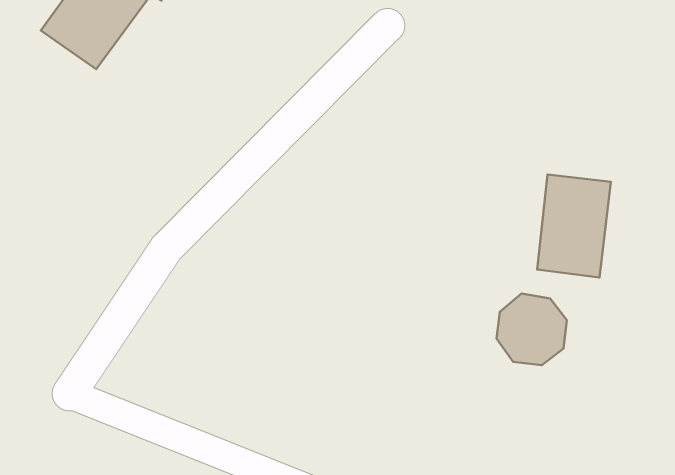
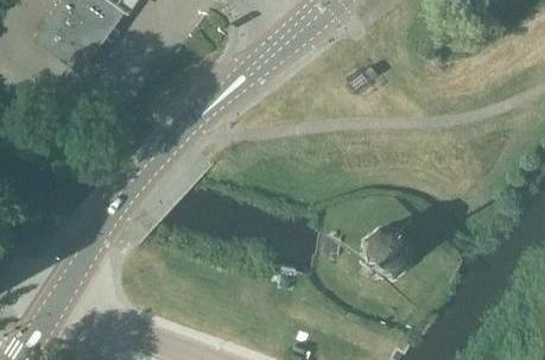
building: [537,175,611,278] -> none

